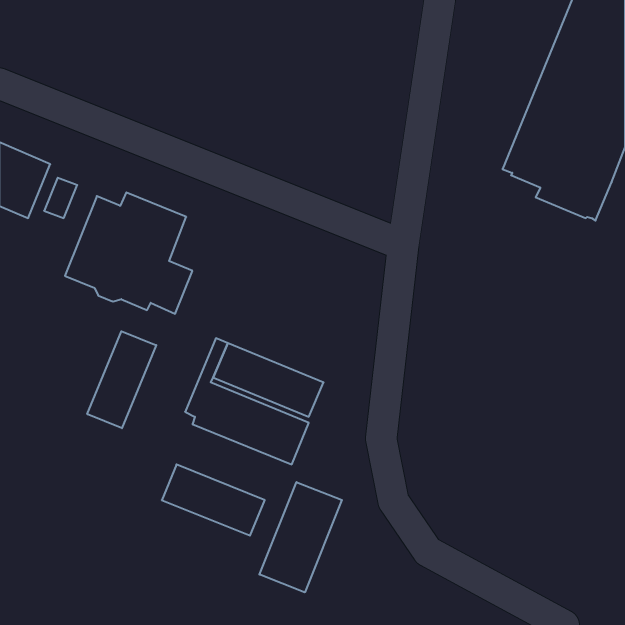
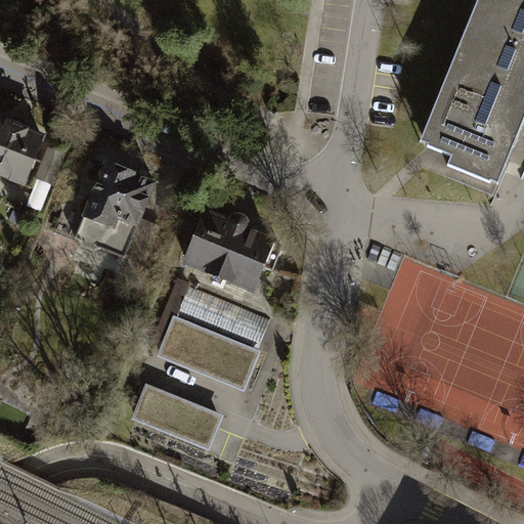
building: none -> [185,213,280,290]
building: [87,331,156,428] -> none
building: [259,482,342,592] -> none

